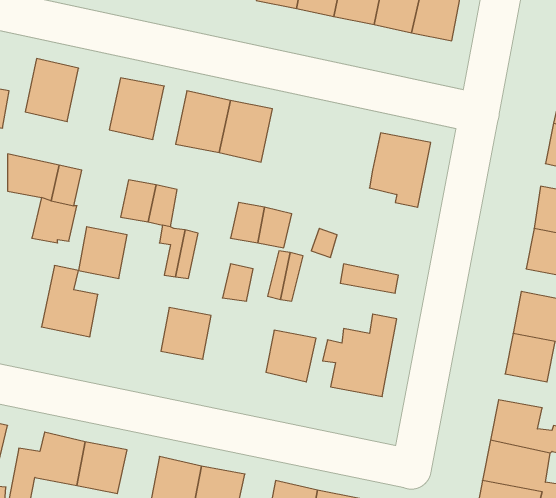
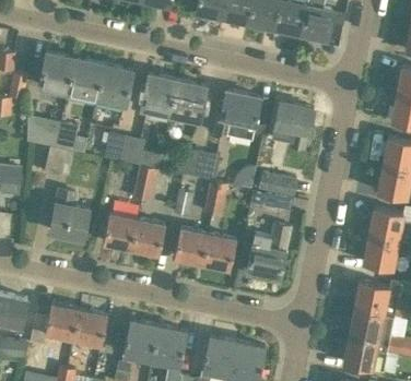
building: none -> [68,58,104,99]
building: none -> [214,90,260,141]
building: [79,227,127,278] -> [104,214,137,249]
building: none -> [258,172,297,197]
building: none -> [174,228,208,263]

